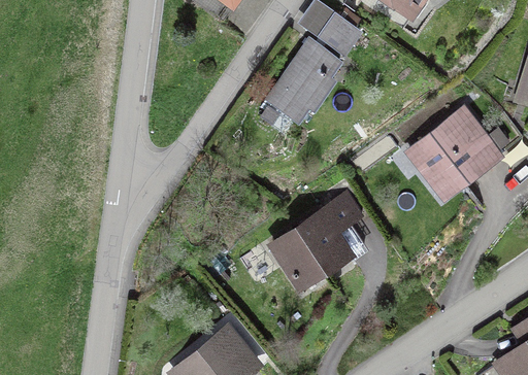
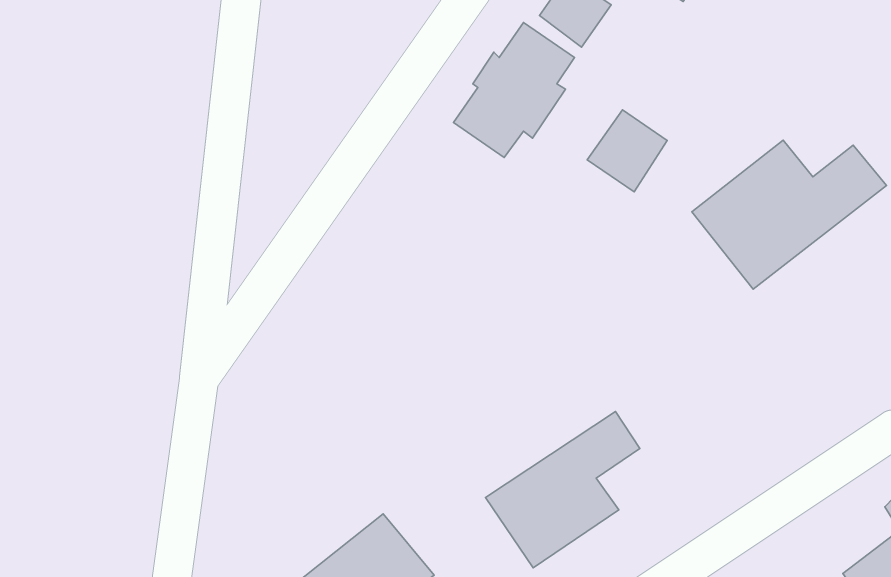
building: none -> [587,110,667,192]
building: [271,193,362,284] -> [486,412,640,568]

